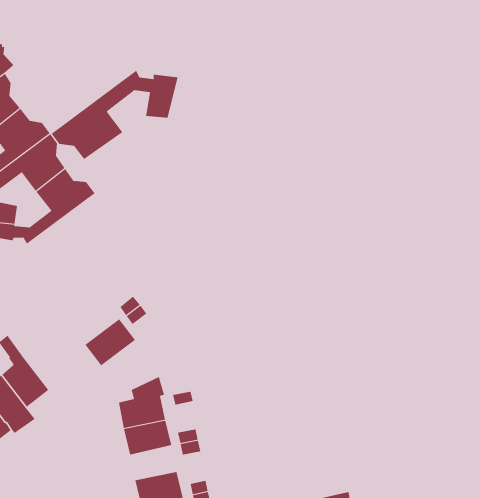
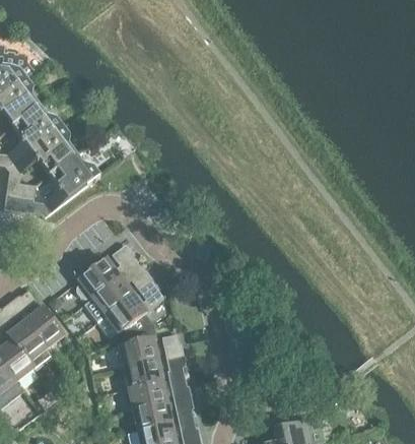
building: [51,70,178,160] -> none
building: none -> [74,258,121,301]
building: none -> [96,291,163,338]
building: none -> [129,379,167,407]

